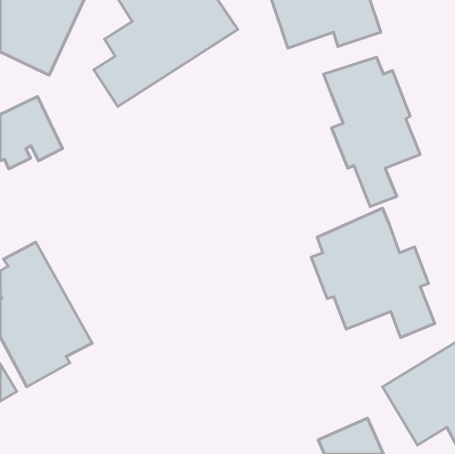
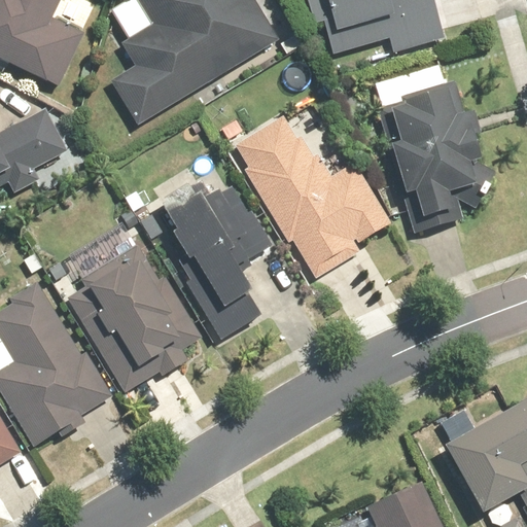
building: none -> [217,113,388,276]
building: none -> [159,176,267,341]
building: [311,208,435,337] -> none
building: none -> [82,246,204,396]

